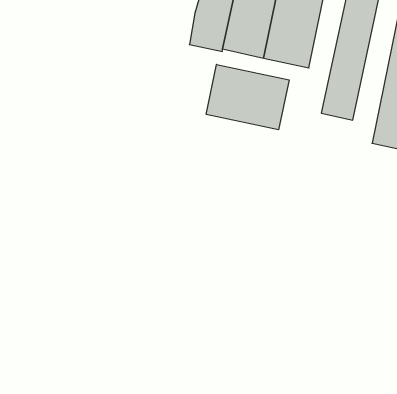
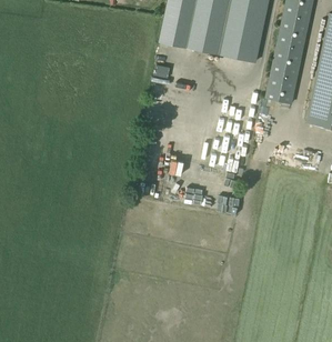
building: [206,64,289,130] -> none

